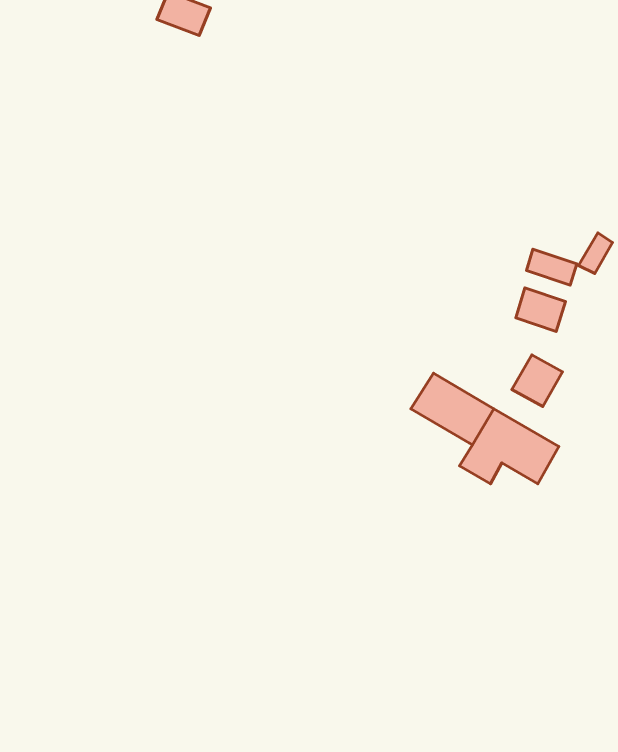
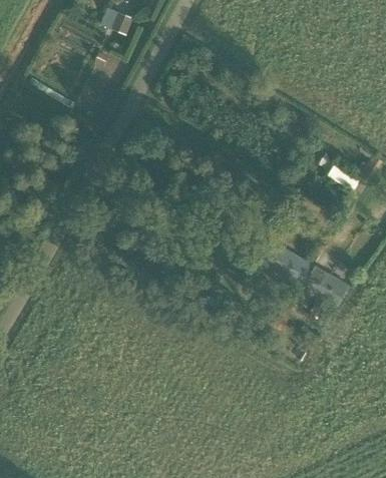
building: [516,288,565,331] -> none
building: [512,355,563,407] -> none

